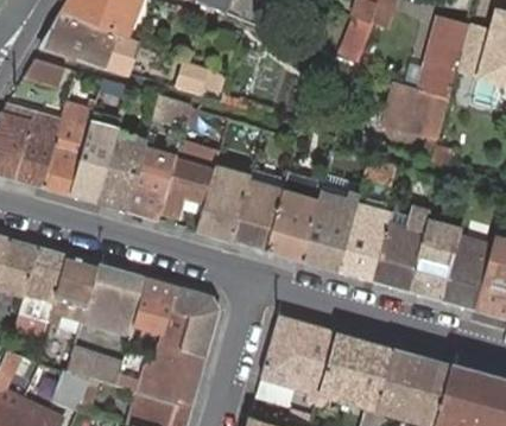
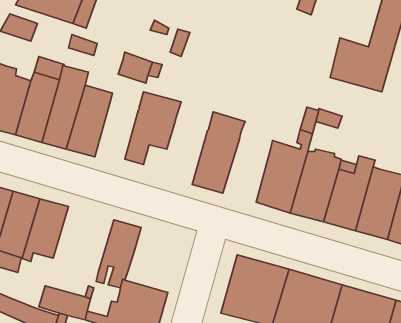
building: [127,150,175,218] -> none
building: [197,151,254,240] -> none
building: [265,172,322,259] -> none
building: [82,263,147,335] -> none
building: [159,286,219,356] -> none

